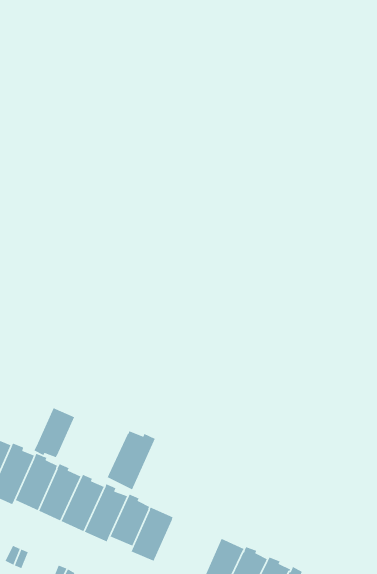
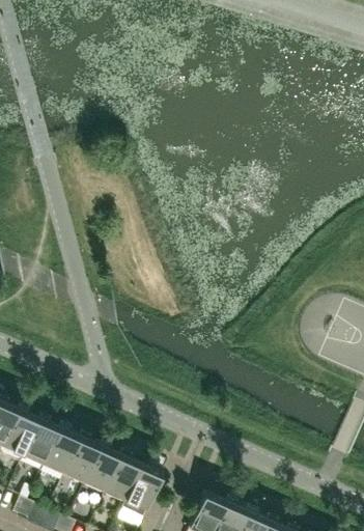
building: [33,407,75,458] -> none
building: [104,430,156,490] -> none

